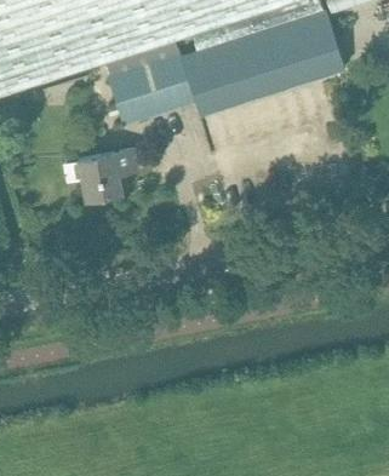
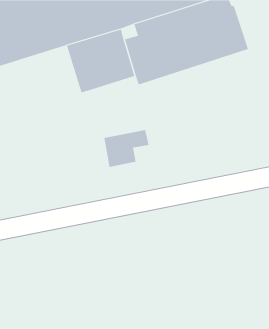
building: [78,148,138,197] -> [103,129,150,167]

